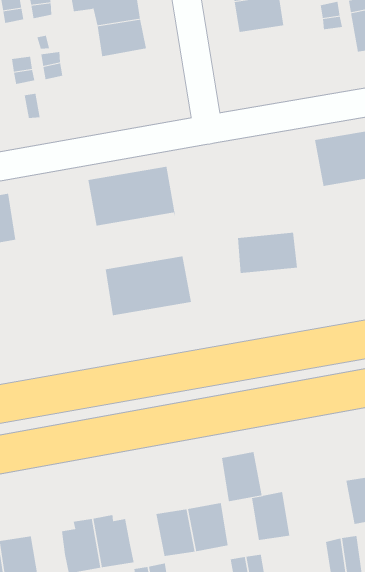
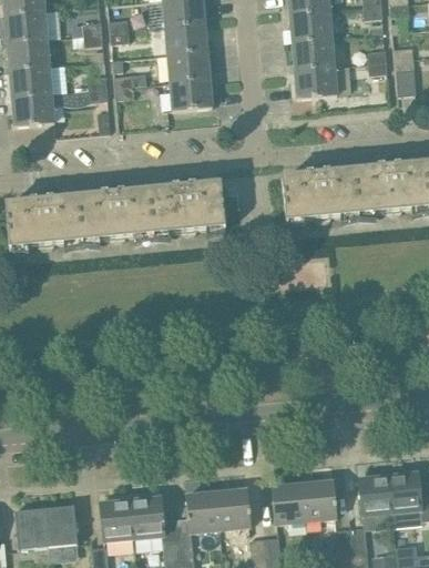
building: none -> [294,65,337,97]
building: none -> [170,77,213,109]
building: none -> [282,170,358,224]
building: [105,256,192,316] -> [78,190,153,239]
building: [221,451,262,502] -> [302,478,336,521]

